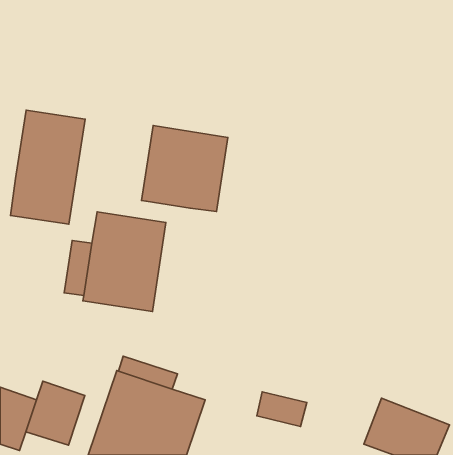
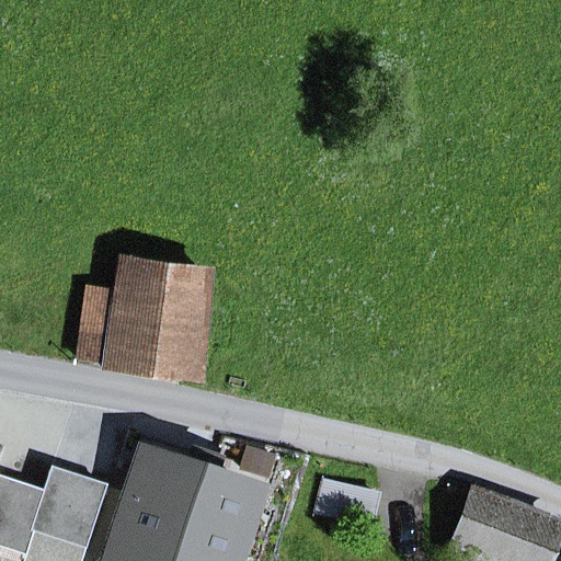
building: [10,110,85,224] -> none
building: [142,126,228,212] -> none

